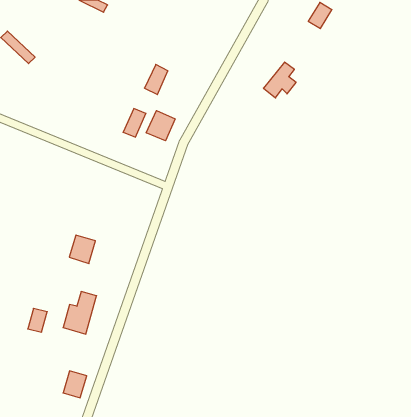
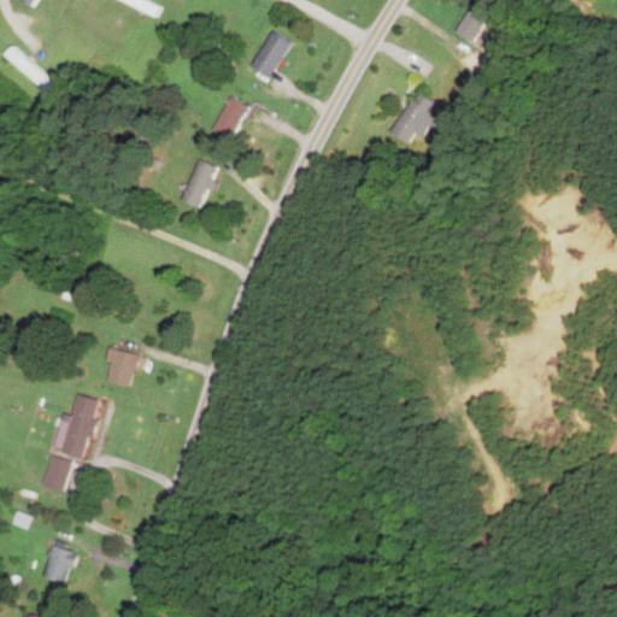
building: none -> [249,30,290,77]
building: [146,111,175,141] -> none
building: [63,292,97,334] -> [52,394,101,457]
building: [63,371,87,398] -> [42,545,77,584]

